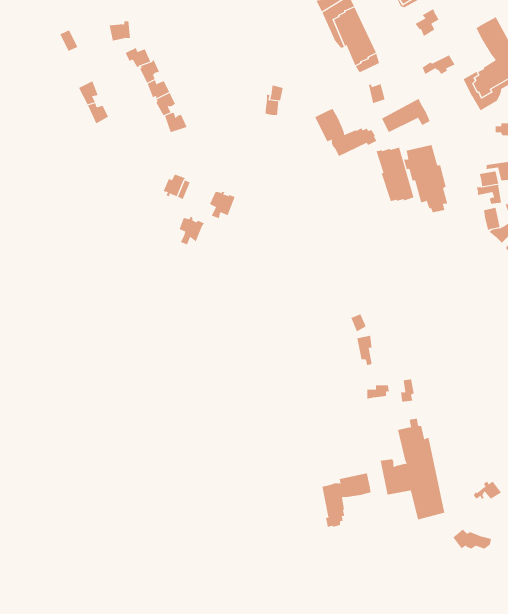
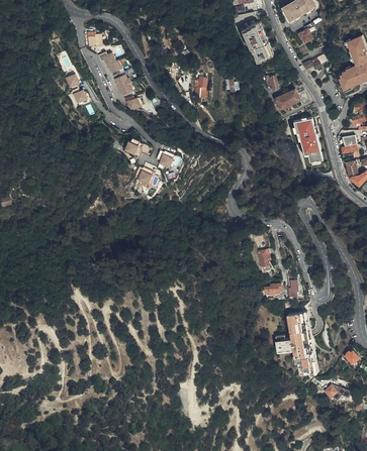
building: [314,108,377,157] -> none
building: [376,147,414,202] -> none
building: [322,472,371,528] -> none

